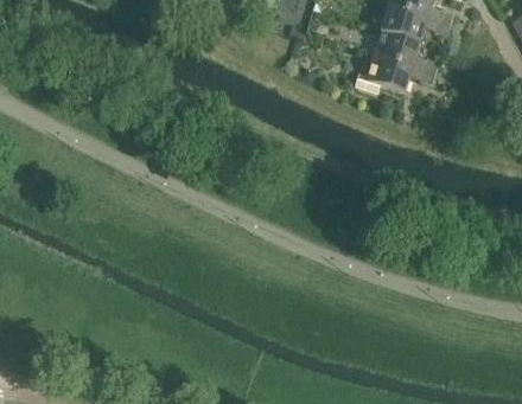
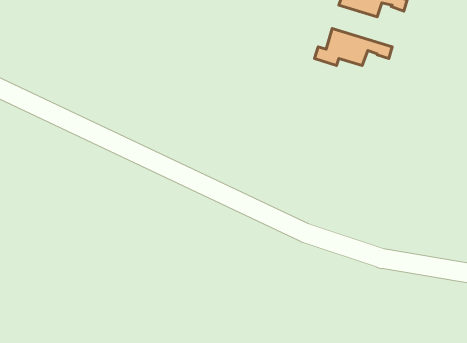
building: [374,28,439,71] -> none

